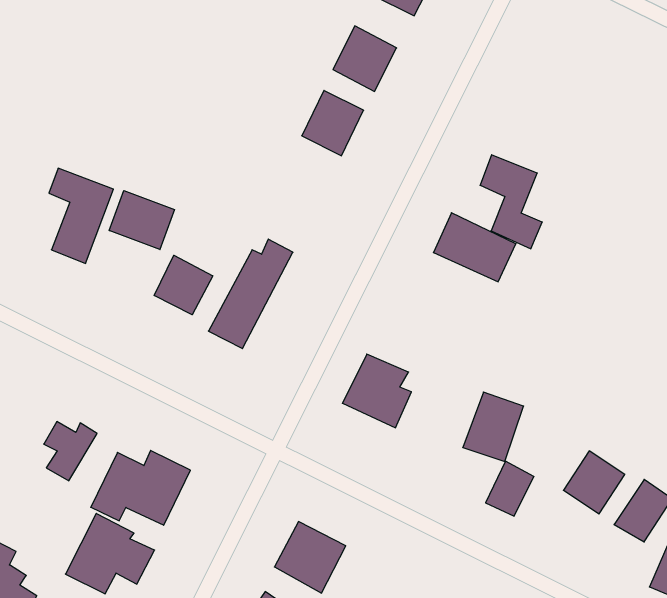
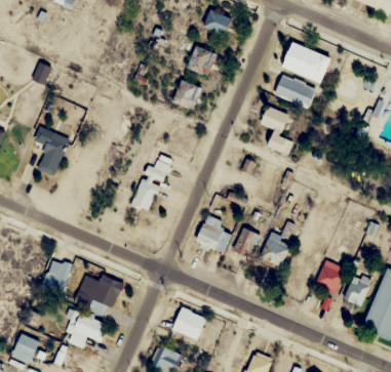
building: none -> [282,42,331,82]
building: [109,191,175,250] -> none
building: [433,213,516,282] -> [274,73,317,108]
building: [154,255,213,315] -> none
building: [486,461,534,516] -> [234,228,259,256]

